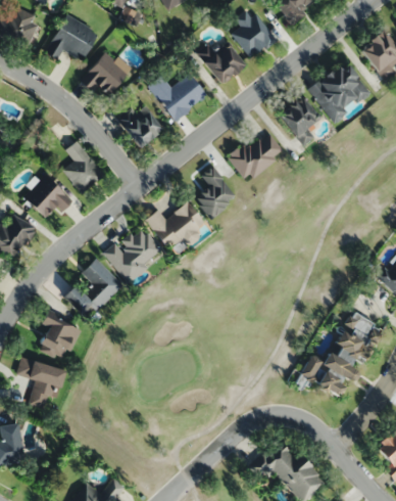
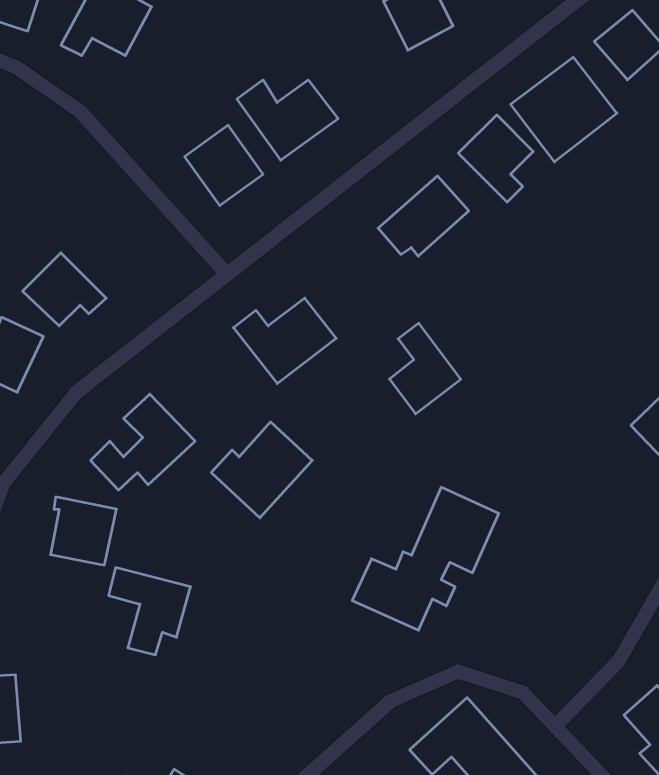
building: [197,42,246,85] -> none
building: [80,48,132,96] -> none
building: [63,141,103,193] -> none
building: [195,166,237,219] -> [389,323,461,414]
building: [103,226,162,282] -> [211,422,312,518]
building: [297,312,383,396] -> [352,487,499,630]
building: [17,358,65,409] -> [109,568,191,655]

